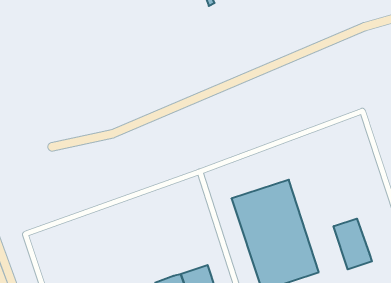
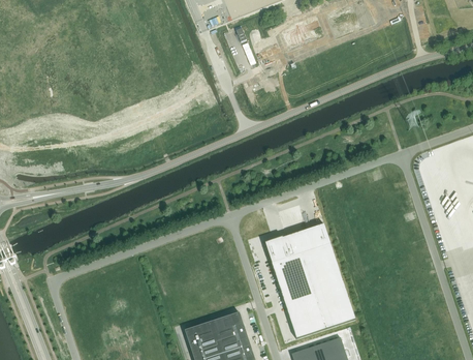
building: [334,219,372,269] -> none

